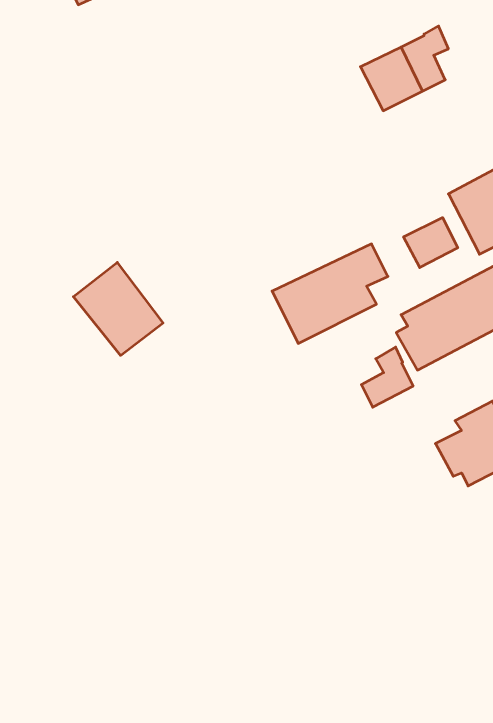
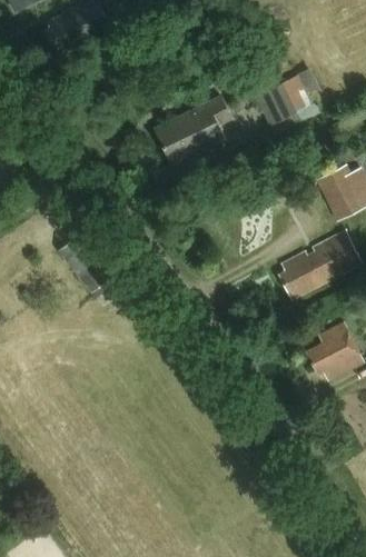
building: [404,218,458,268] -> none
building: [272,244,388,343] -> [154,97,233,165]
building: [361,347,413,407] -> none

